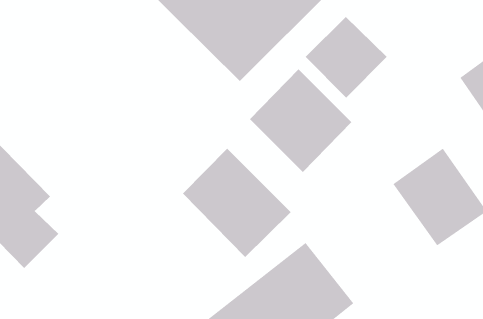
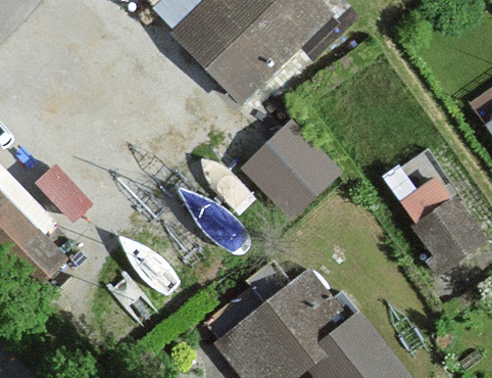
building: [305,16,387,98] -> none
building: [182,148,291,258] -> none

